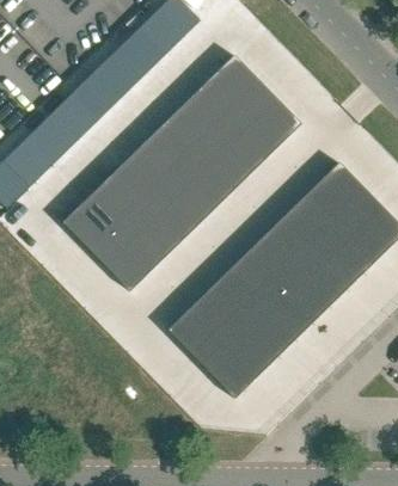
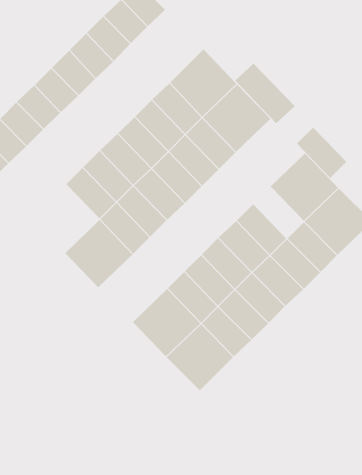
building: none -> [234,63,295,124]
building: [66,192,134,260] -> none
building: [286,195,336,246] -> [296,127,347,179]

